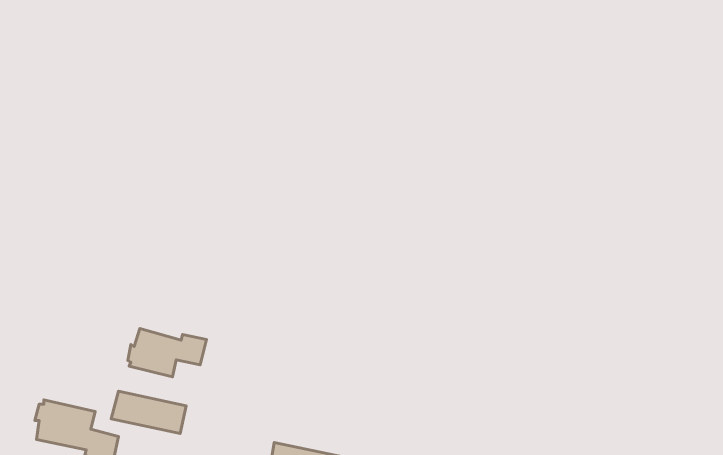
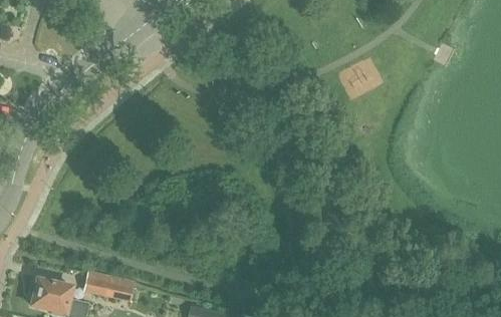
building: [128,329,206,377] -> none

